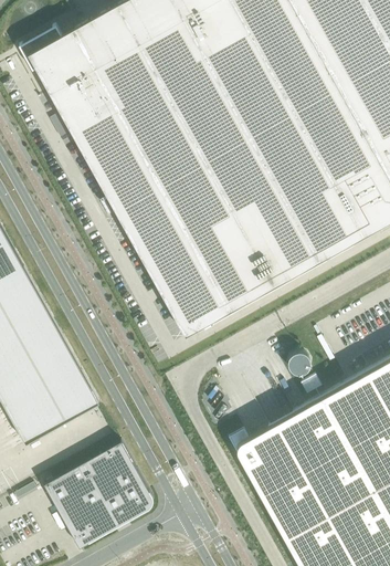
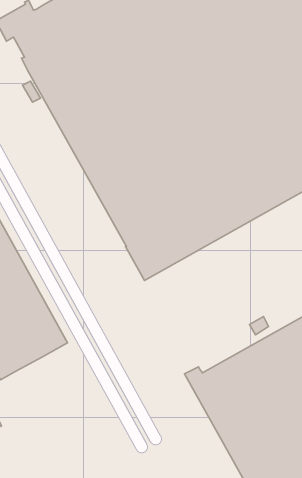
building: [43,439,151,546] -> none

